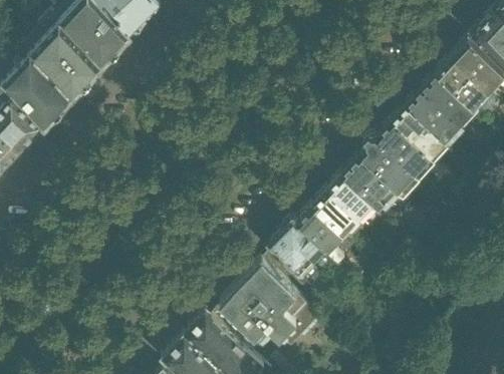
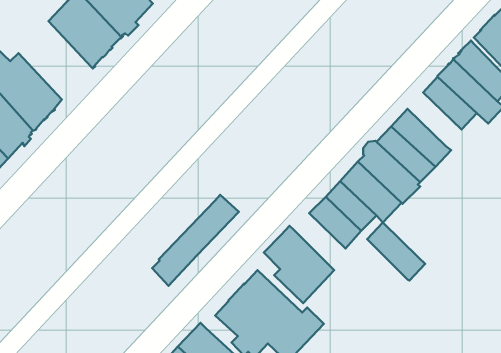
building: [29,14,100,99] -> none
building: [407,91,459,143] -> none
building: none -> [152,195,239,286]
building: [296,209,352,265] -> [367,223,425,280]

